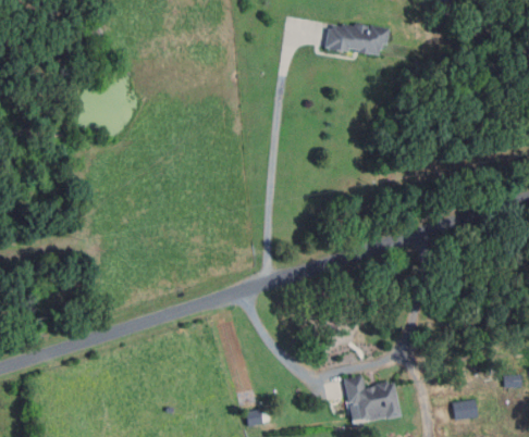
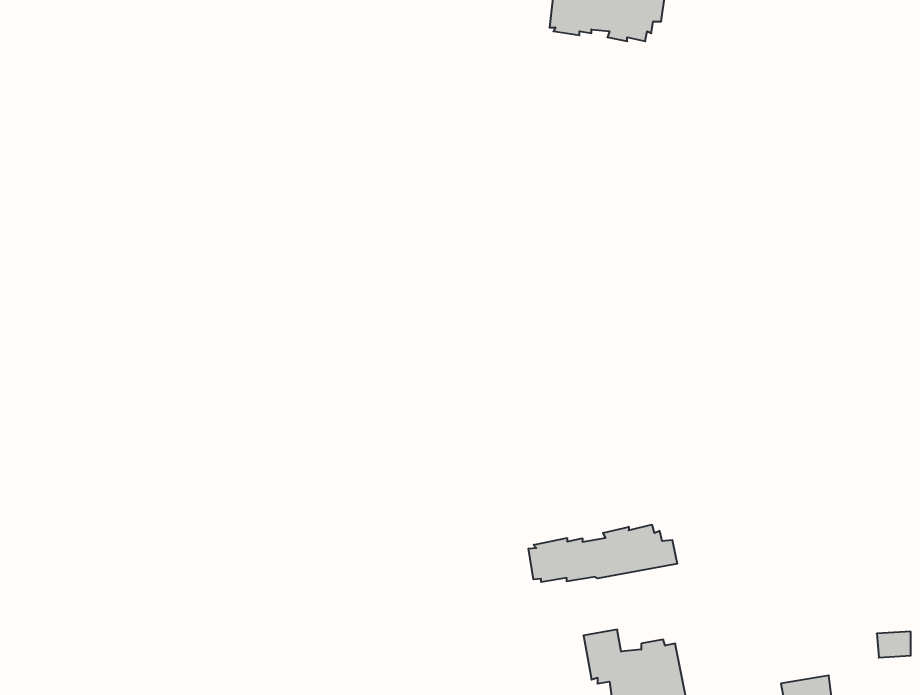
building: none -> [528,525,677,582]

